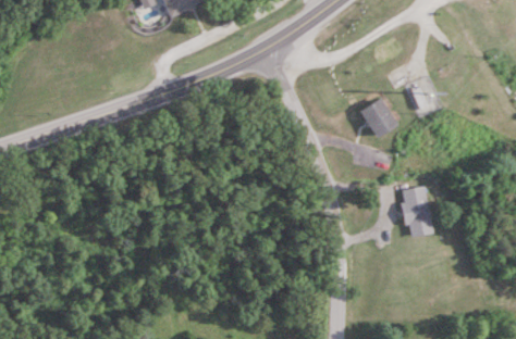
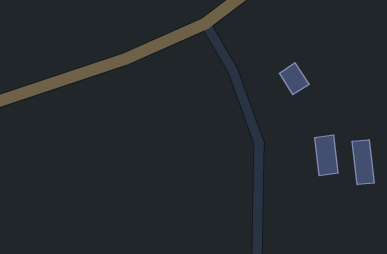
building: none -> [352,140,374,185]

